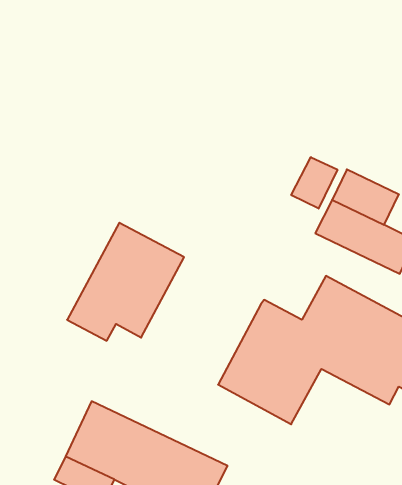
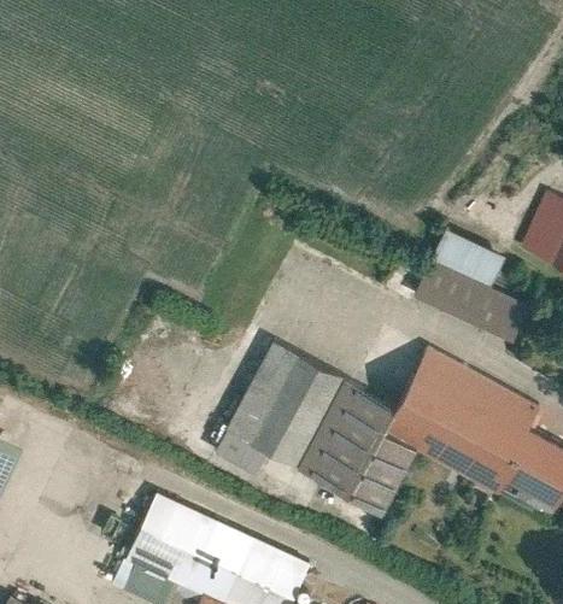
building: [291,157,337,209] -> none
building: [67,223,184,341] -> [215,340,350,476]

